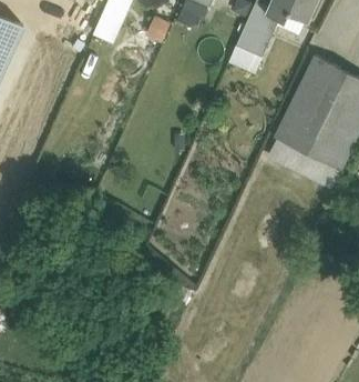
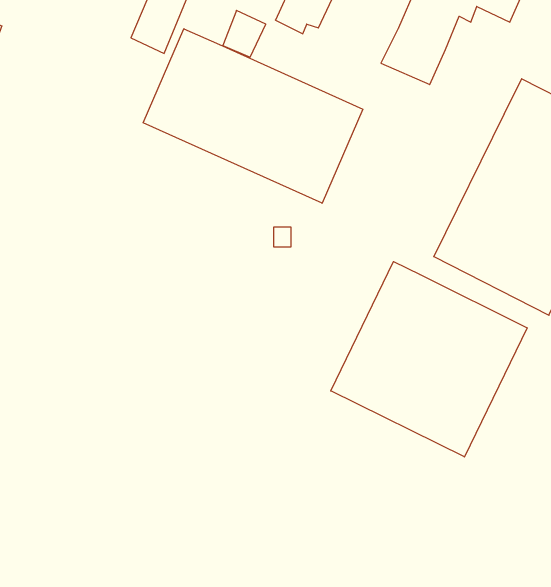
building: none -> [143,29,363,203]
building: none -> [331,262,527,457]

